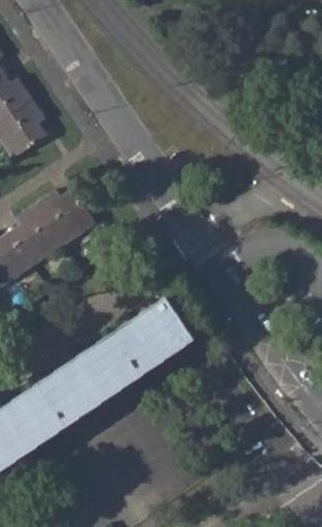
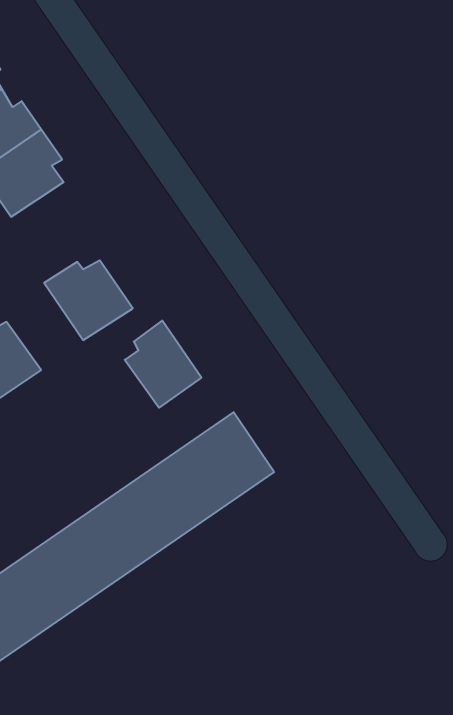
building: [9,206,62,266] -> [125,321,201,408]

